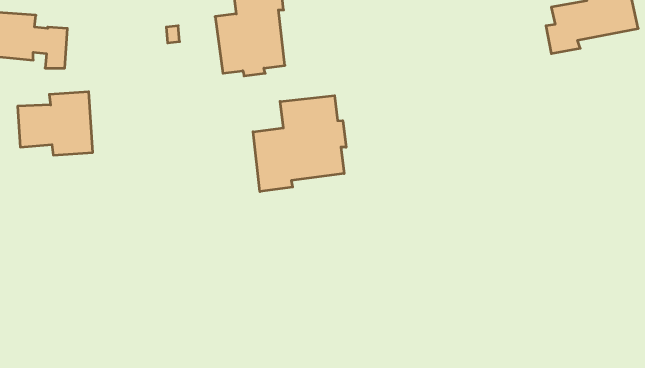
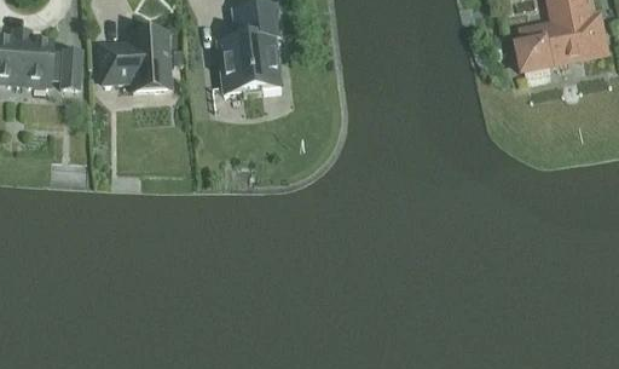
building: [18,92,93,155] -> [100,30,169,88]
building: [253,96,346,192] -> none

